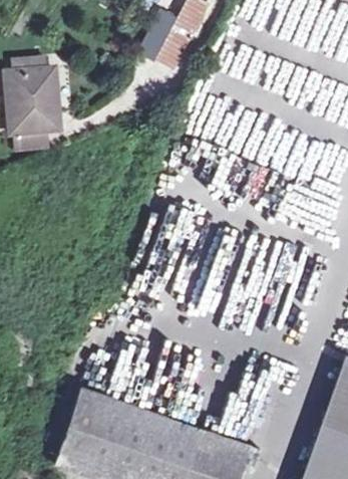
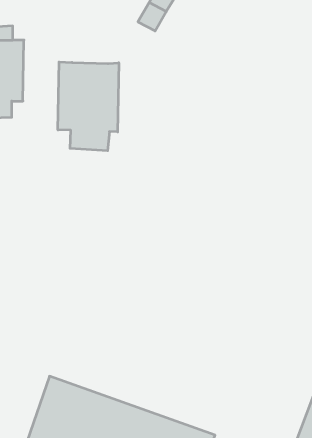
building: none -> [58,62,119,151]

